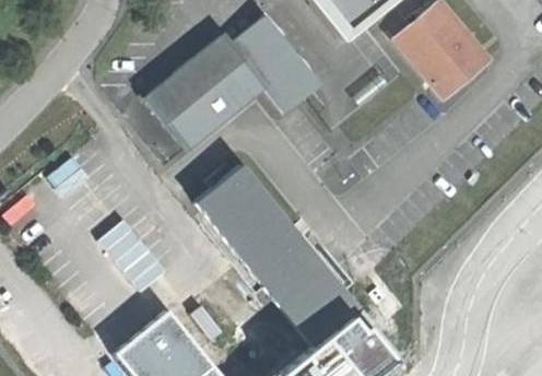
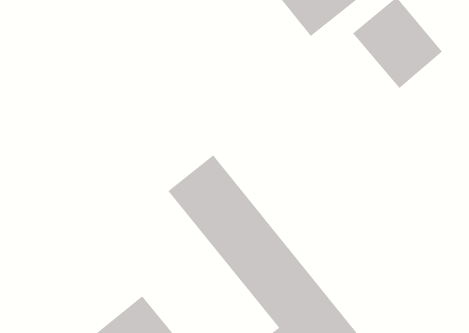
building: [144,15,322,154] -> none

